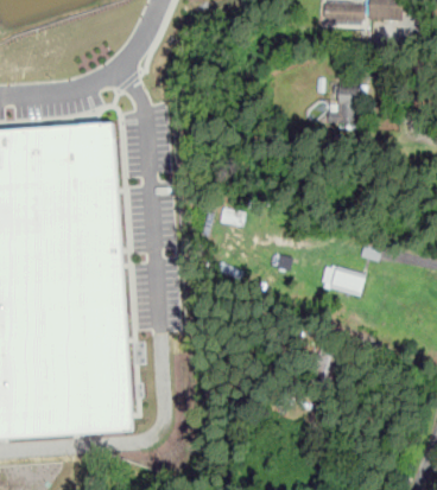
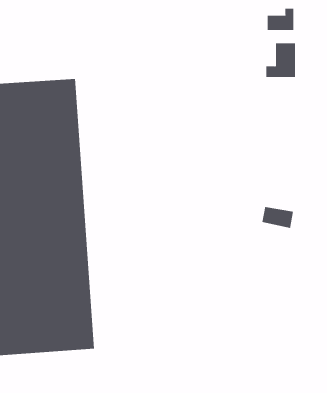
building: none -> [267,8,294,31]

